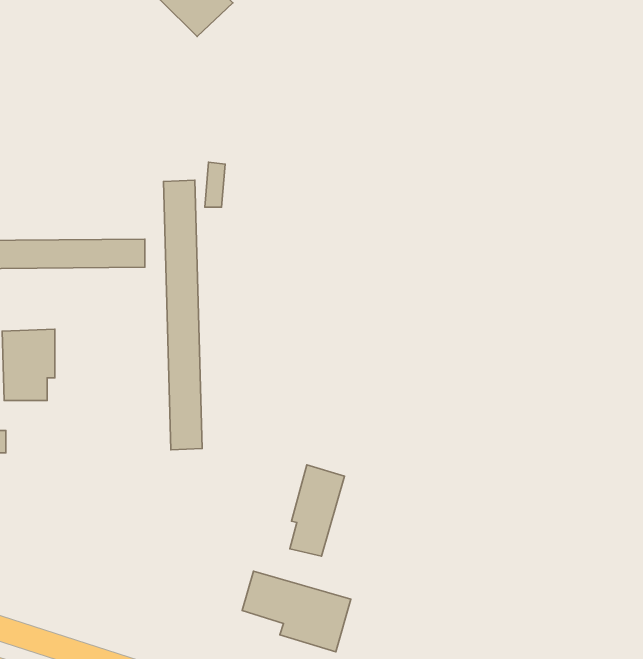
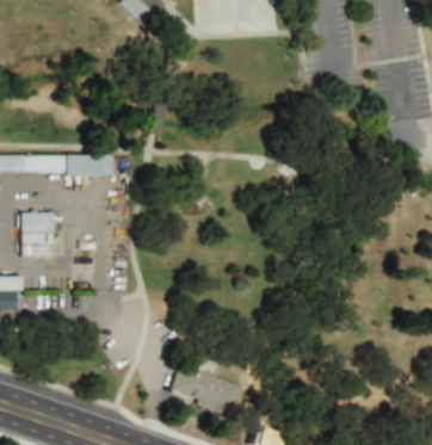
building: [164,180,202,450] -> none
building: [290,465,345,556] -> none

